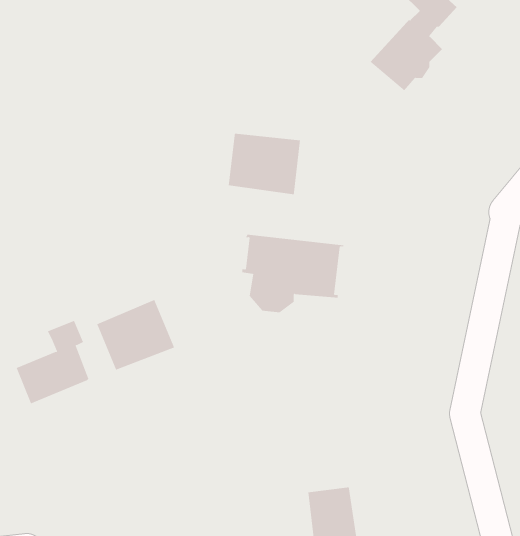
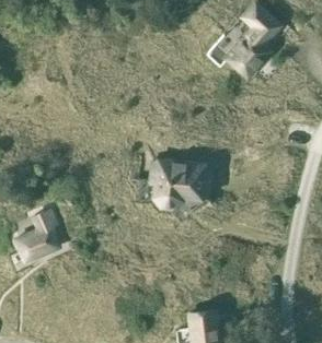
building: [228,133,301,195] -> none
building: [97,299,175,371] -> none

